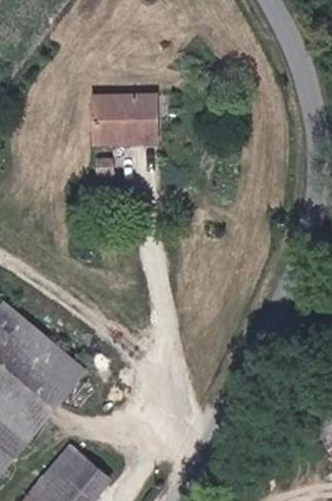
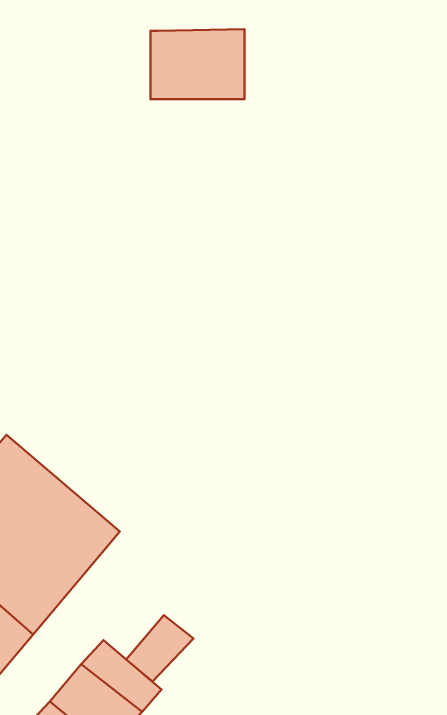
building: [95,102,159,150] -> [151,29,245,99]
building: none -> [126,615,193,681]

